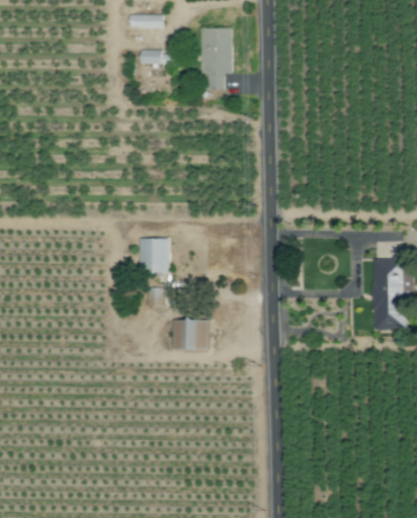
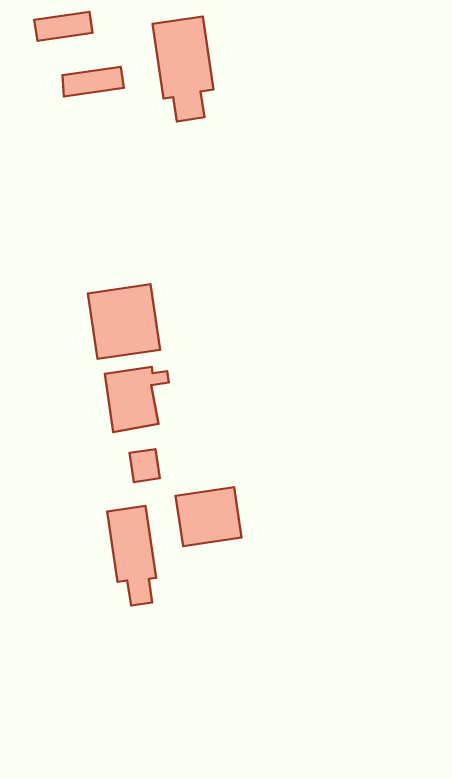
building: none -> [88,284,160,359]
building: none -> [107,506,156,605]

